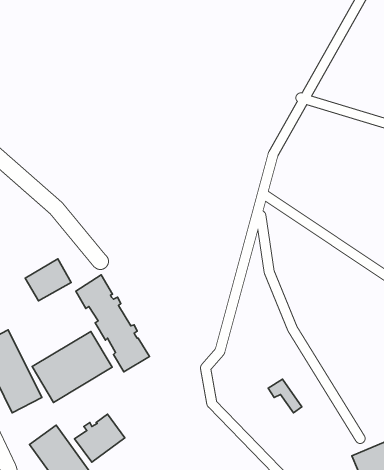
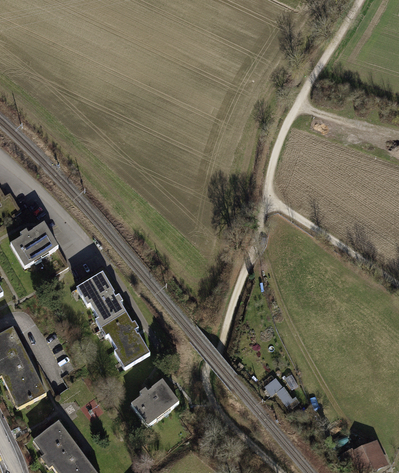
building: [25,259,71,301] -> [10,224,55,265]
building: [32,331,112,402] -> none
building: [75,414,125,462] -> [130,378,179,425]

